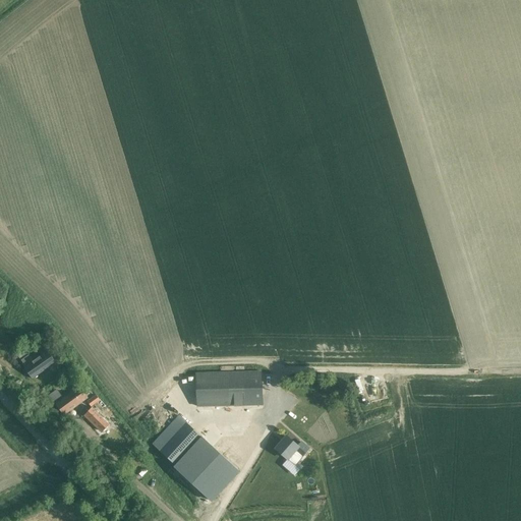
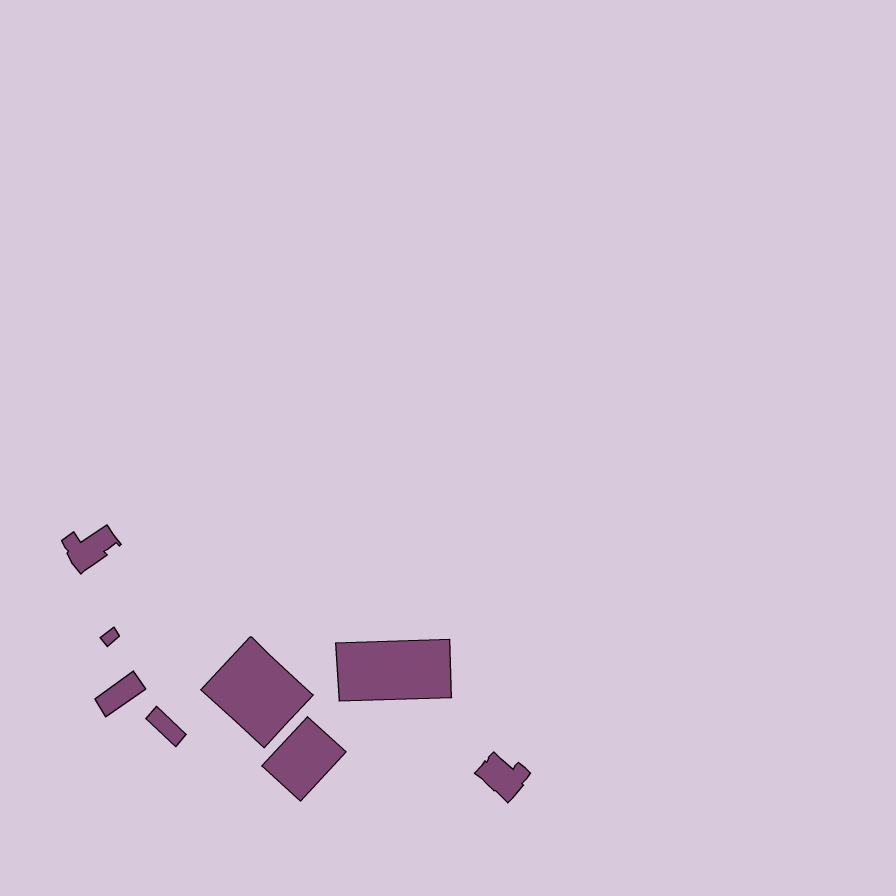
building: [20,350,55,379] -> [62,525,121,574]
building: [172,436,237,500] -> [201,637,313,748]

